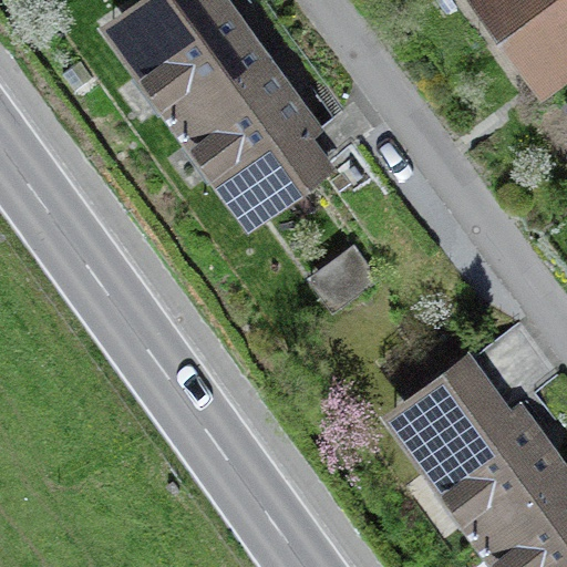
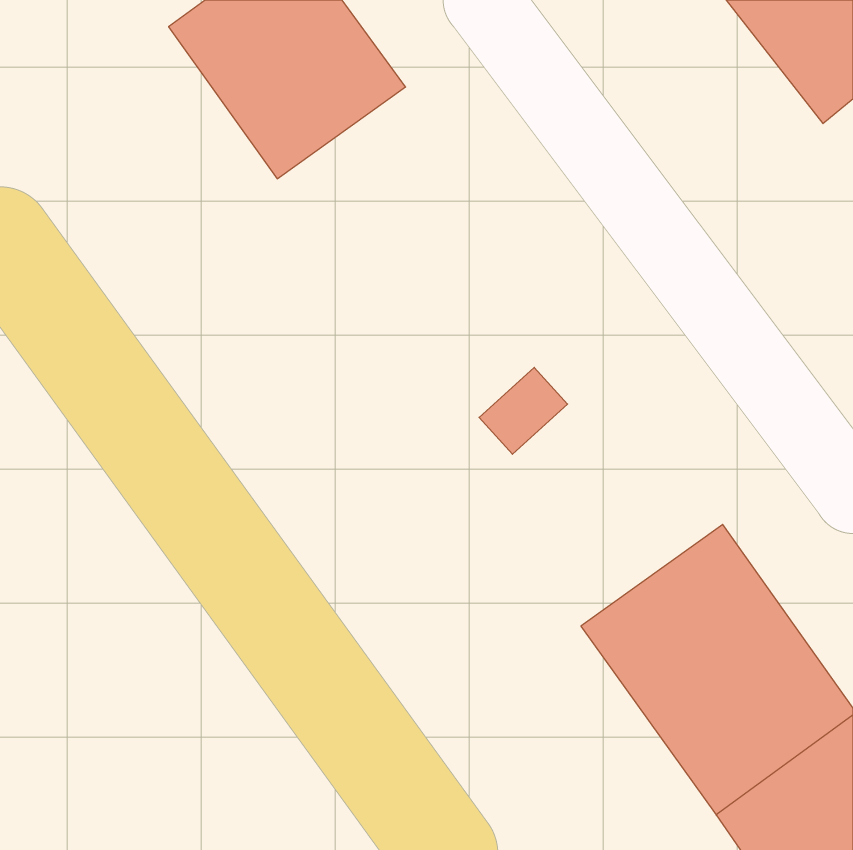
building: [184,60,344,224] -> none

